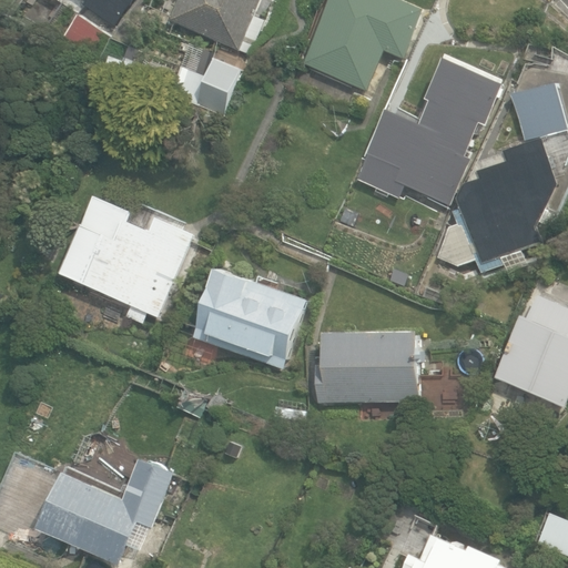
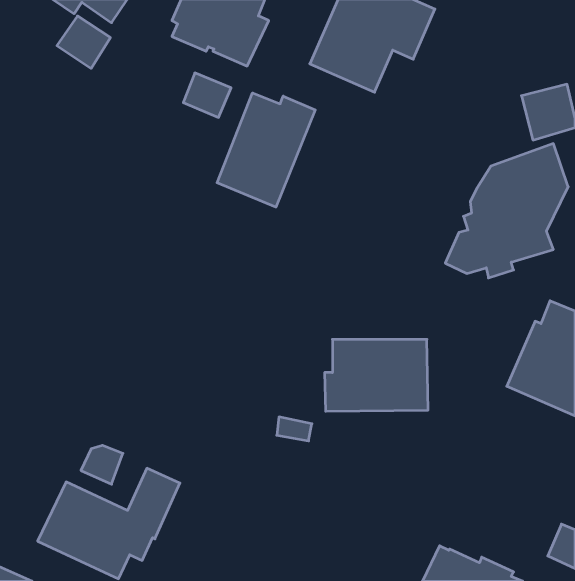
building: [355,58,504,205] -> none
building: none -> [217,93,315,207]
building: [61,194,194,323] -> none
building: [193,267,306,366] -> none

